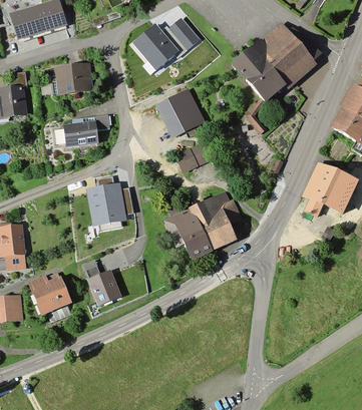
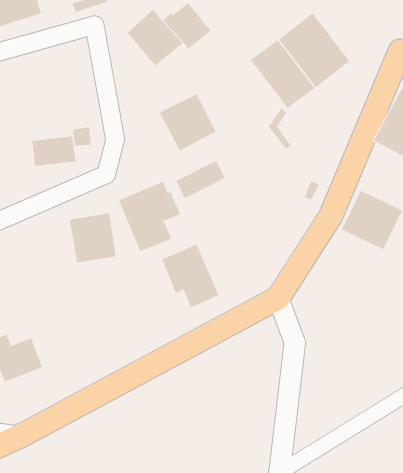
building: [54,63,89,90] -> none
building: [191,190,240,246] -> [118,181,181,252]
building: [90,271,119,301] -> none

